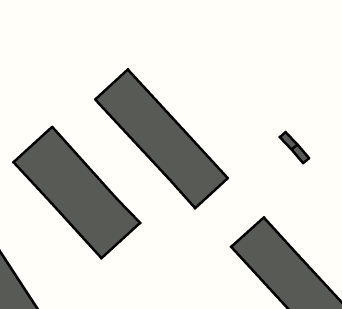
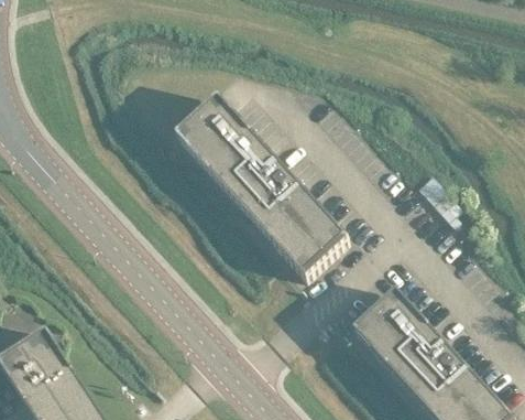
building: [13,127,140,258] -> none

